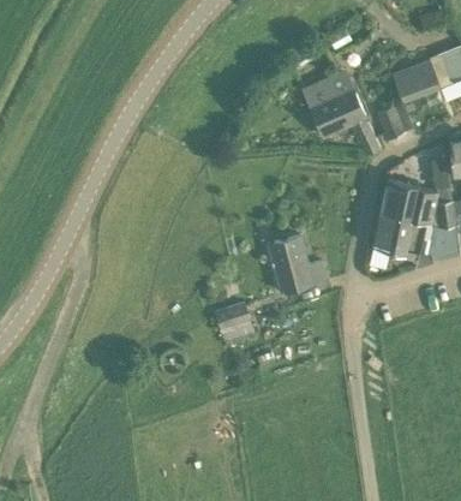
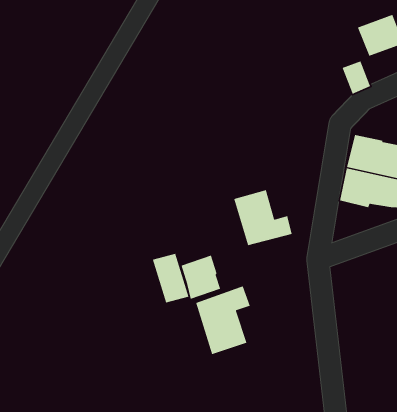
building: [305,72,382,156] -> none
building: none -> [152,253,190,303]
building: none -> [195,285,251,355]

